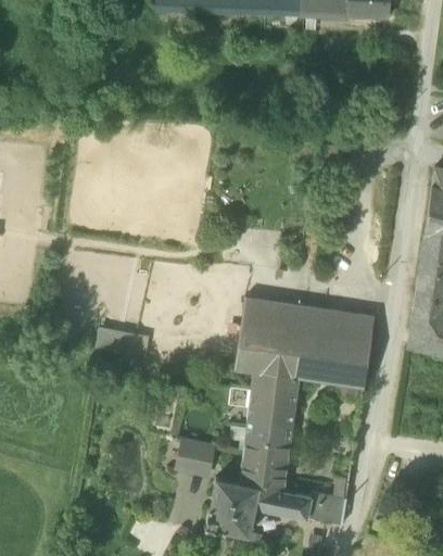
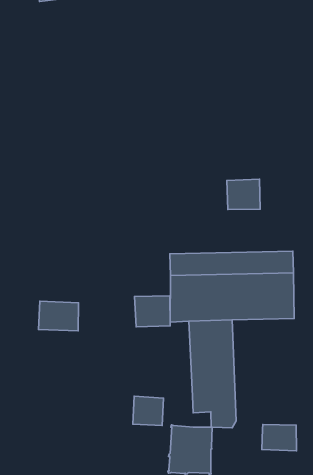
building: none -> [227,179,260,210]
building: none -> [135,296,170,327]
building: [255,485,312,518] -> none

